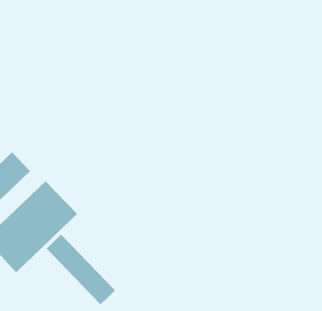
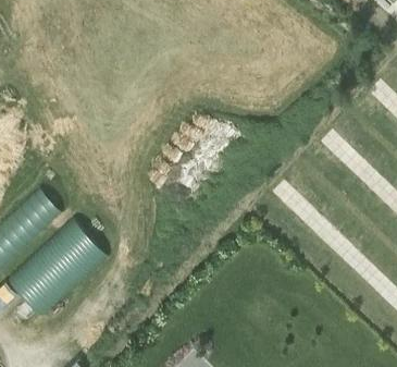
building: [46,234,116,305] -> none

